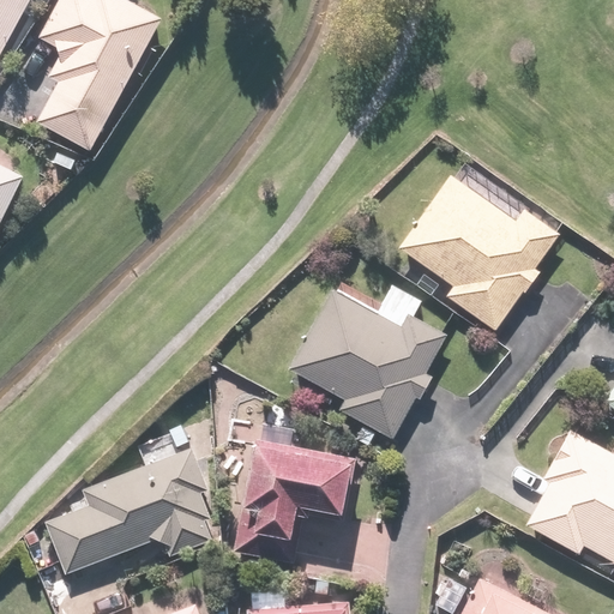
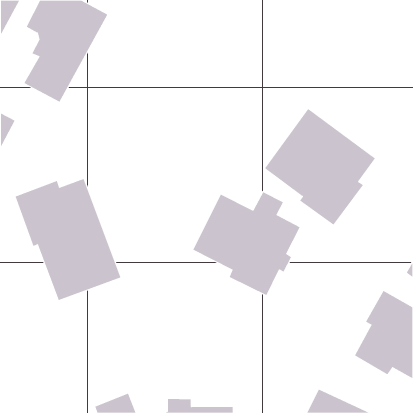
building: none -> [15,178,121,301]
building: [229,439,355,565] -> none
building: [44,447,211,577] -> none

